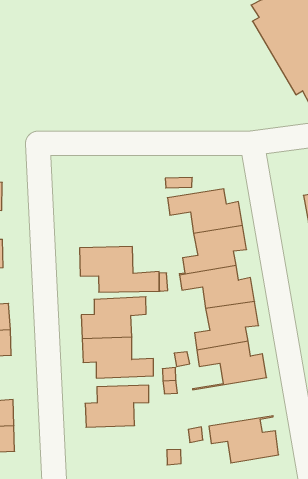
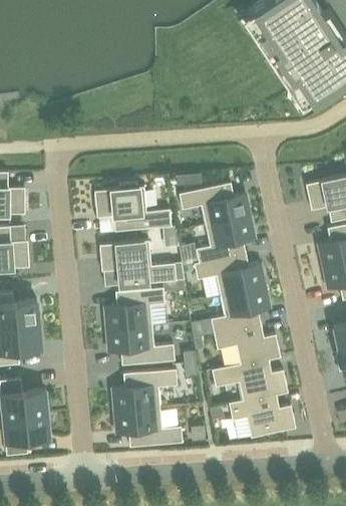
building: none -> [94,184,170,232]
building: none -> [212,356,288,405]
building: none -> [114,408,182,447]

